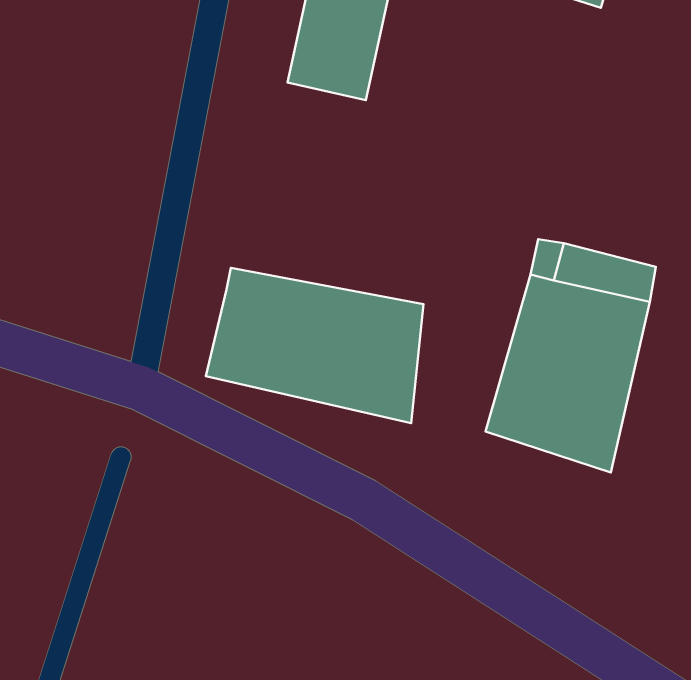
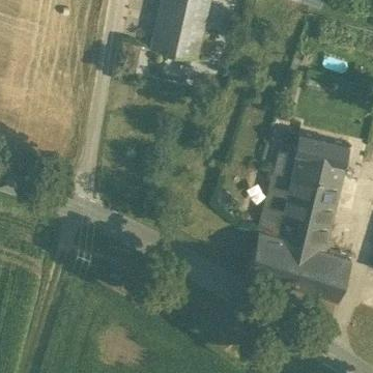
building: [206,268,424,423] -> none
building: none -> [249,234,352,305]

